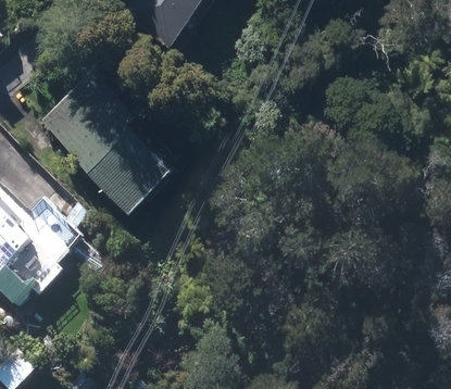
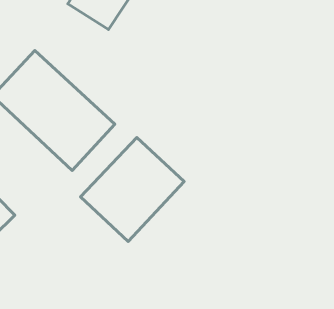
building: none -> [80,137,184,242]

